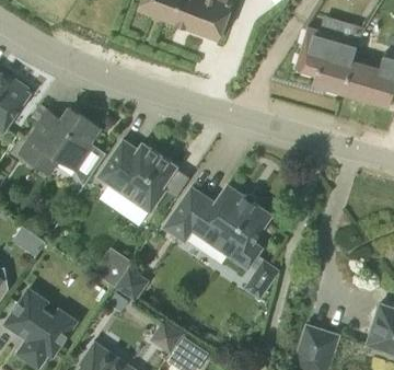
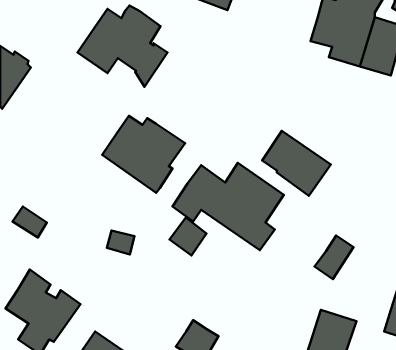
building: [20,108,105,186] -> [78,5,167,87]
building: none -> [262,131,331,196]
building: [242,259,279,301] -> [314,236,353,279]
building: [114,266,149,302] -> [170,218,206,255]
building: [149,320,184,354] -> none

